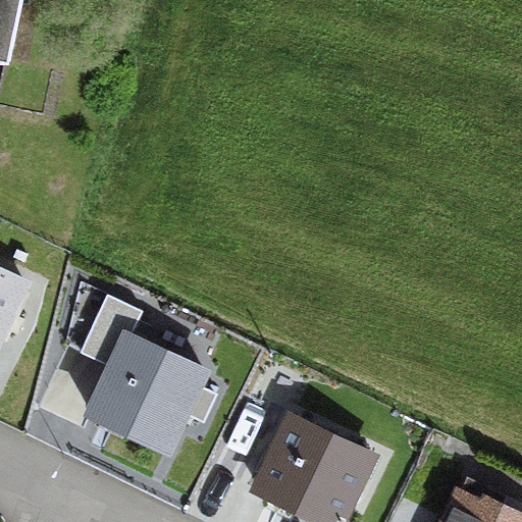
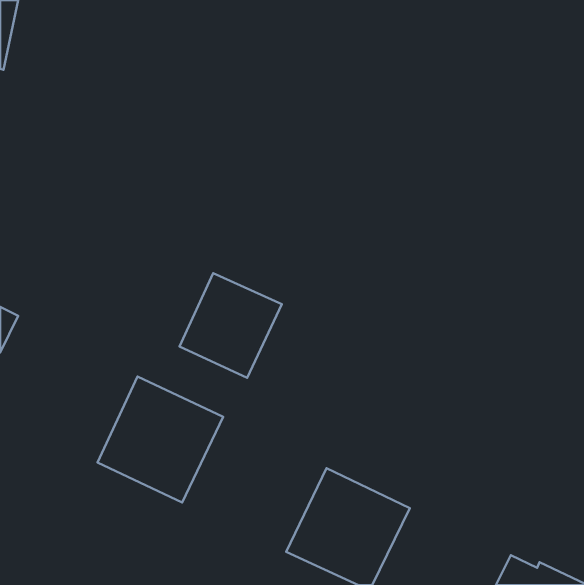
building: none -> [180,273,282,378]

